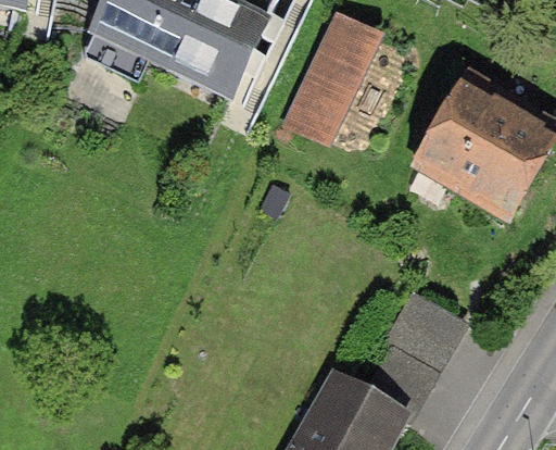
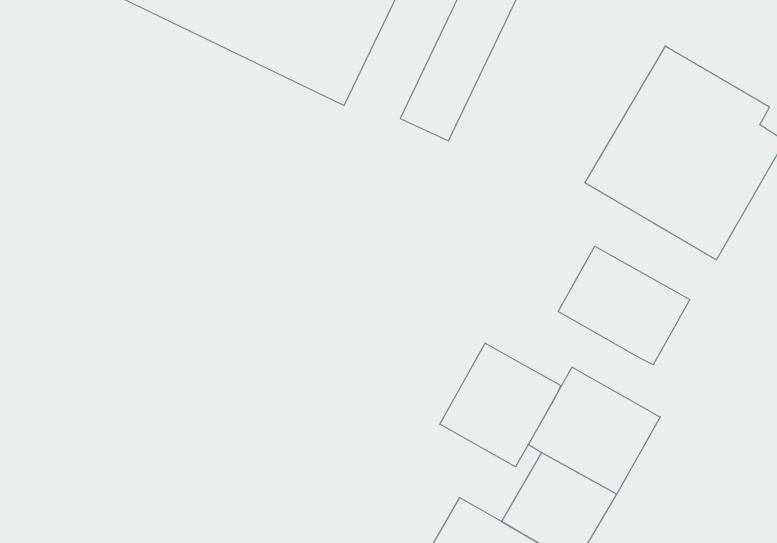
building: none -> [558,246,690,365]
building: none -> [440,343,561,467]

